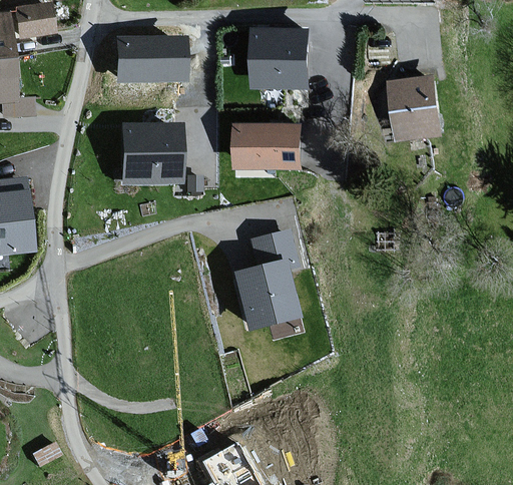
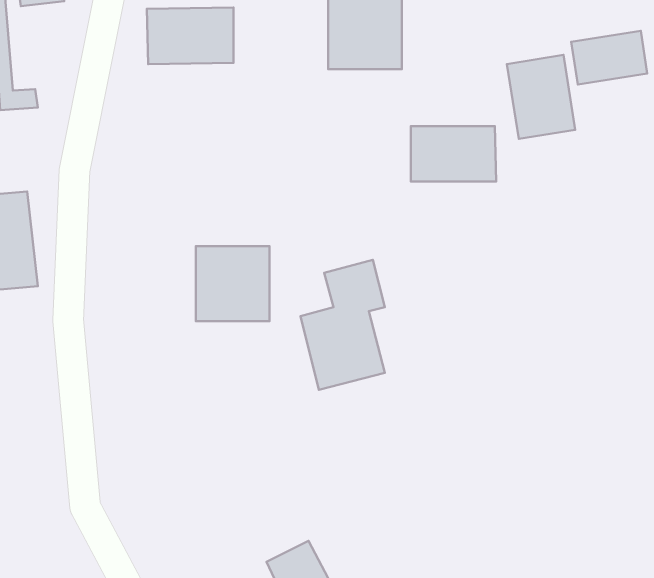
building: none -> [571,31,647,84]
building: [237,124,303,166] -> [411,126,496,181]
building: [121,126,177,183] -> [196,246,269,321]

